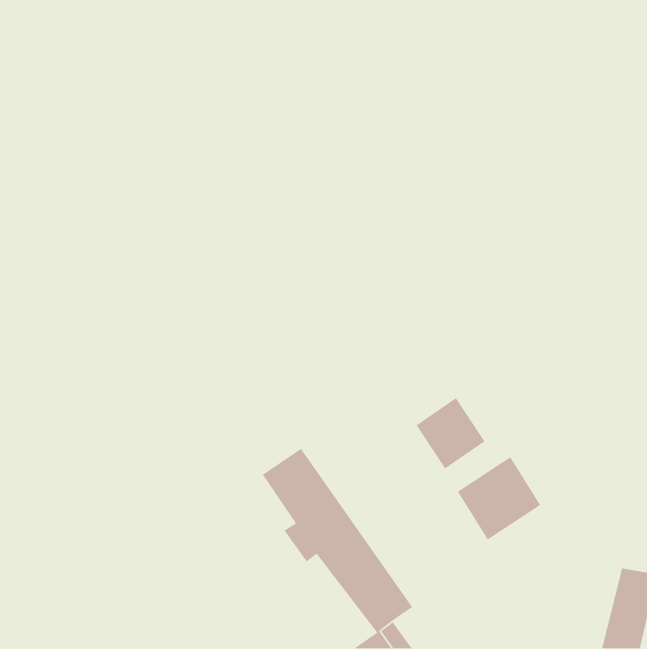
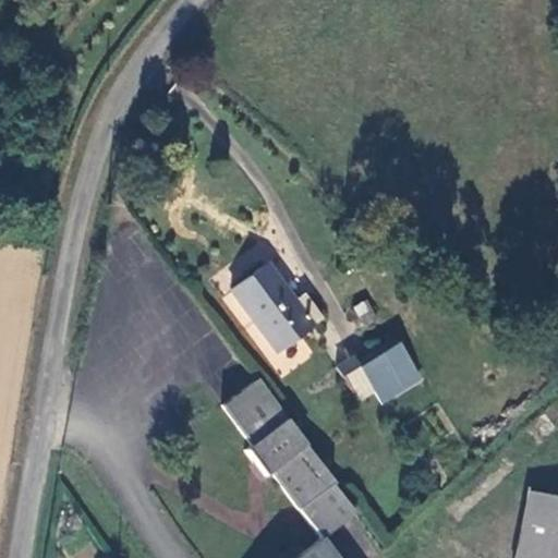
building: none -> [238,265,326,349]
building: [457,456,541,540] -> none

